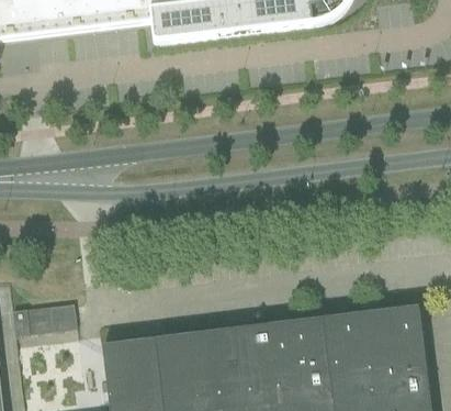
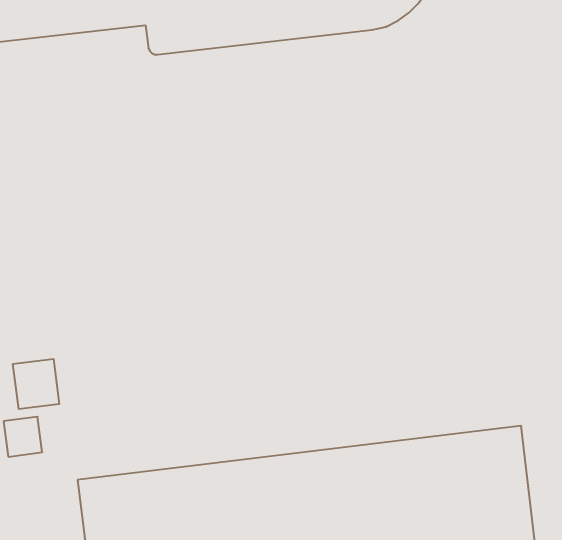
building: none -> [13,359,59,409]

